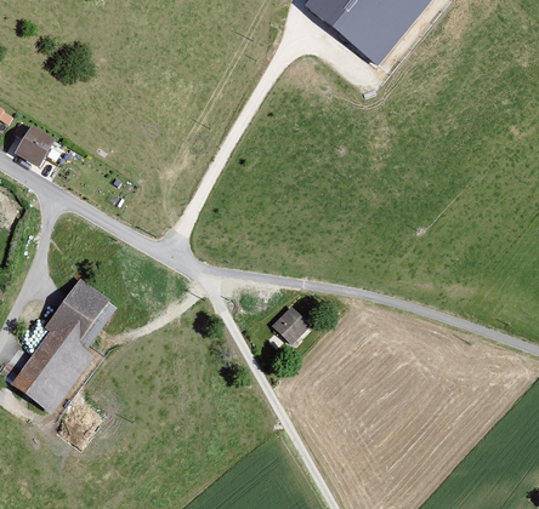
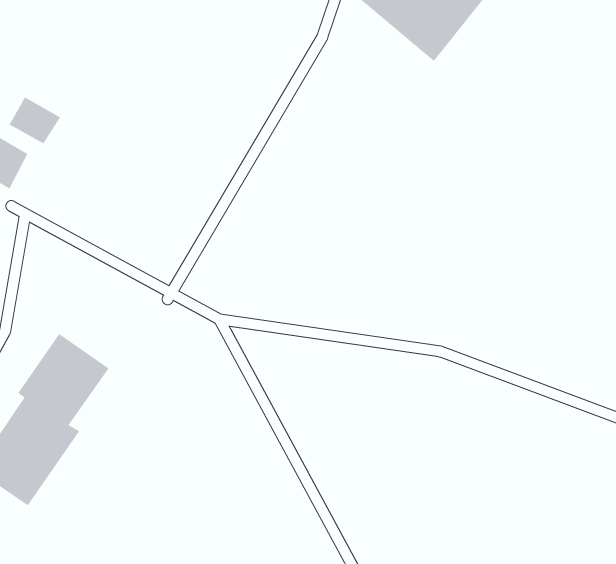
building: none -> [9,96,61,144]
building: [271,304,310,343] -> none

